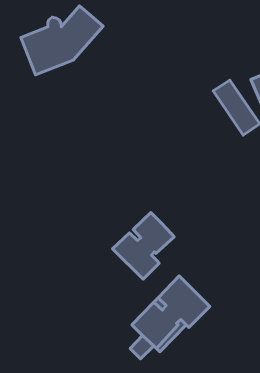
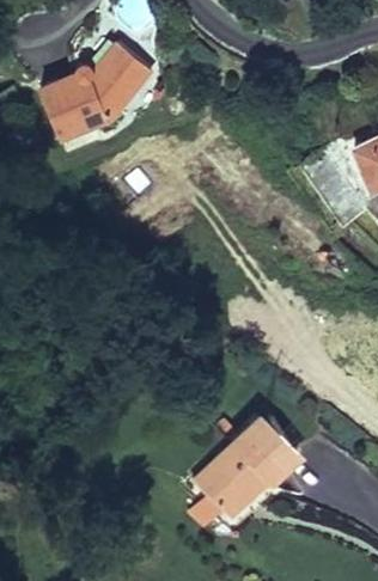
building: [113,213,174,279] -> none

